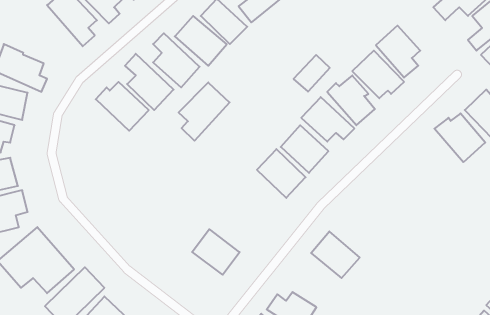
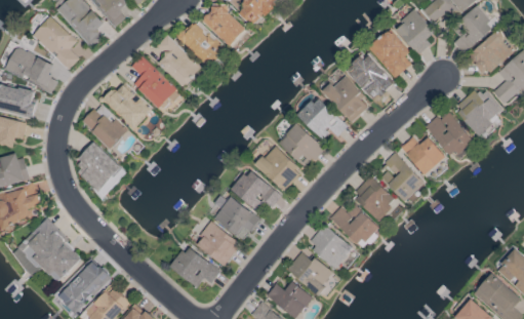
building: none -> [395,10,434,55]
building: none -> [32,16,78,71]
building: [294,55,330,92] -> none
building: [179,82,230,141] -> none
building: none -> [81,103,128,149]
building: none -> [399,135,445,175]
building: none -> [76,142,126,197]
building: none -> [379,153,424,202]
building: none -> [231,169,281,210]
building: none -> [352,175,396,220]
building: none -> [213,193,258,240]
building: none -> [329,207,379,247]
building: none -> [169,246,219,287]
building: none -> [286,251,333,293]

